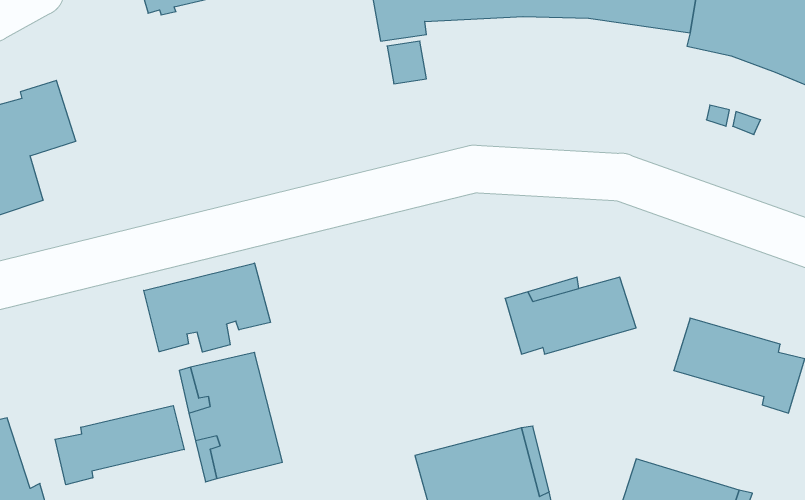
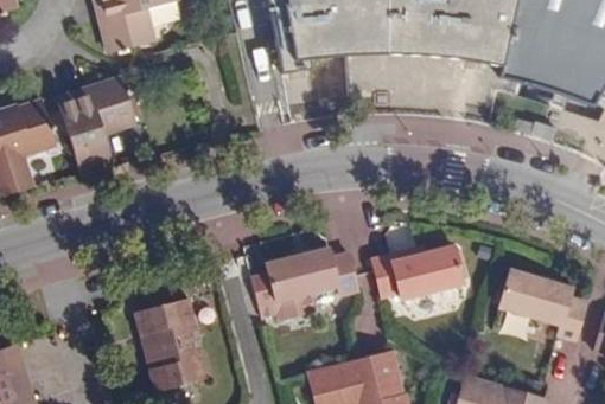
building: none -> [59,77,136,174]
building: [144,263,270,352] -> none
building: none -> [260,250,357,306]
building: [55,406,184,485] -> none

